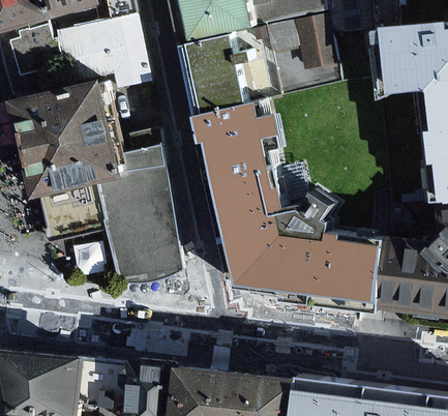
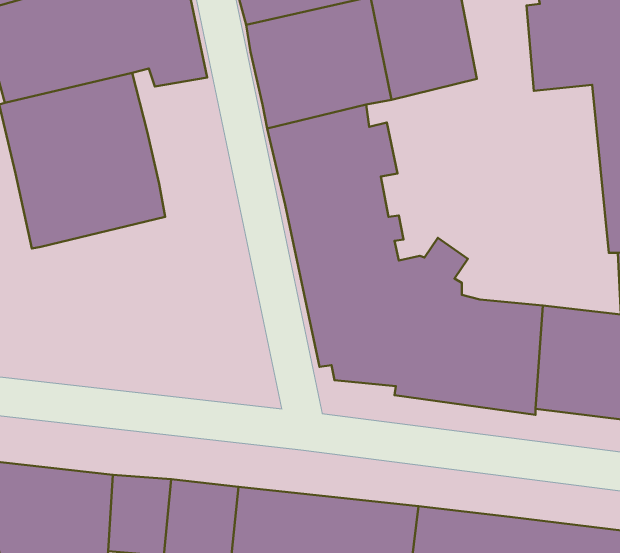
building: [39,127,183,284] -> none

